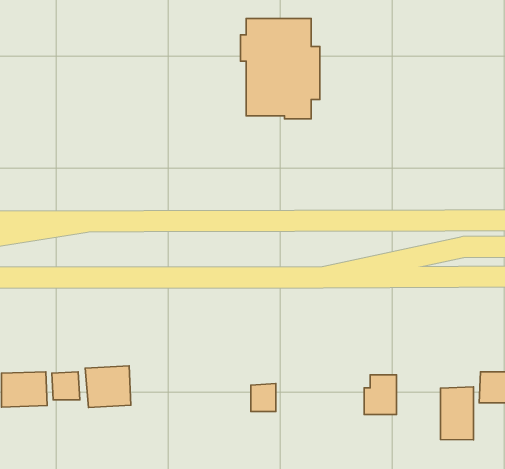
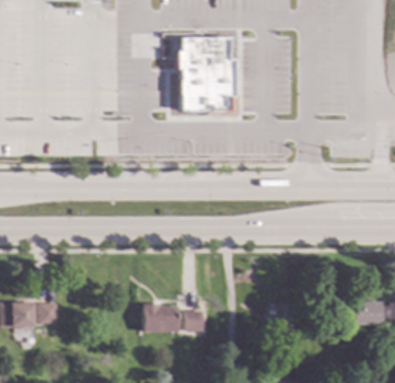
building: [85,366,131,408] -> none
building: none -> [146,304,181,332]
building: [441,387,474,440] -> none

